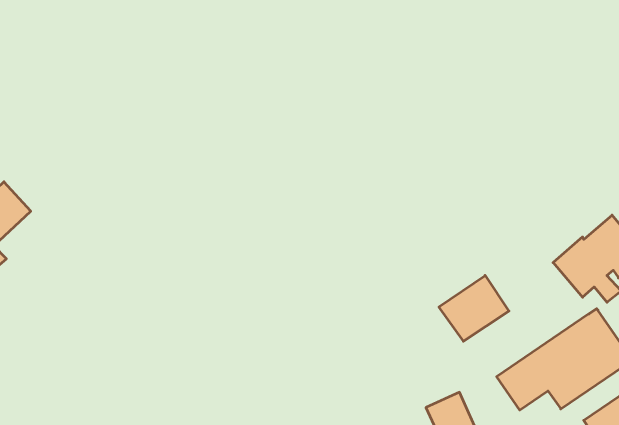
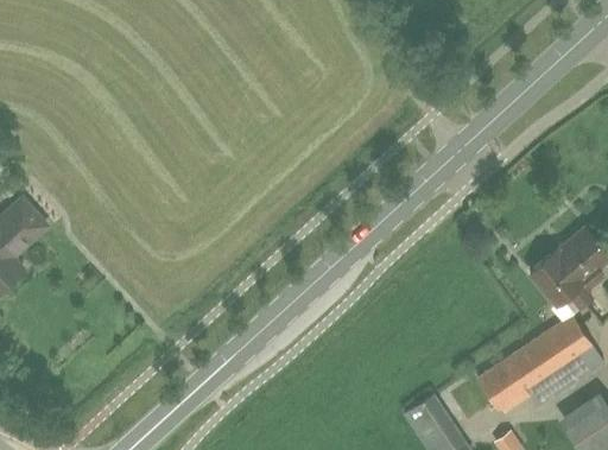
building: [439,275,509,341] -> none

